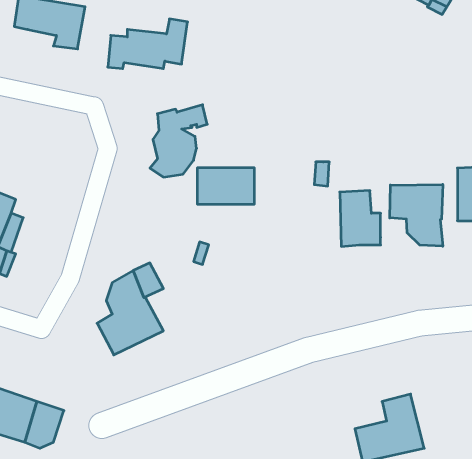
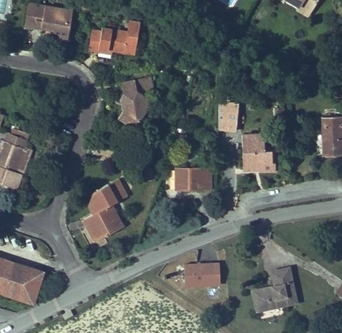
building: [197,168,254,204] -> [174,167,212,191]
building: [390,184,443,246] -> none
building: none -> [184,265,221,288]

